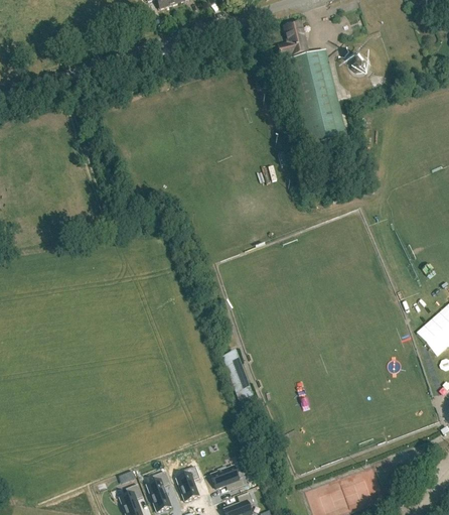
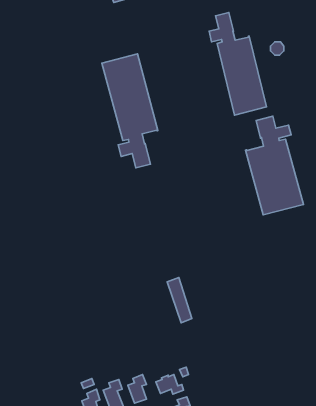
building: none -> [102,54,158,168]
building: none -> [246,116,304,215]

